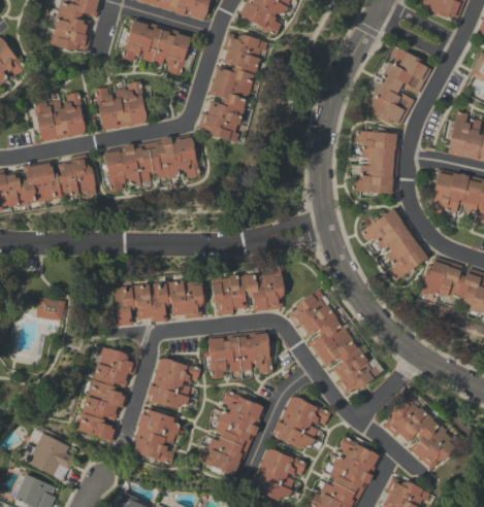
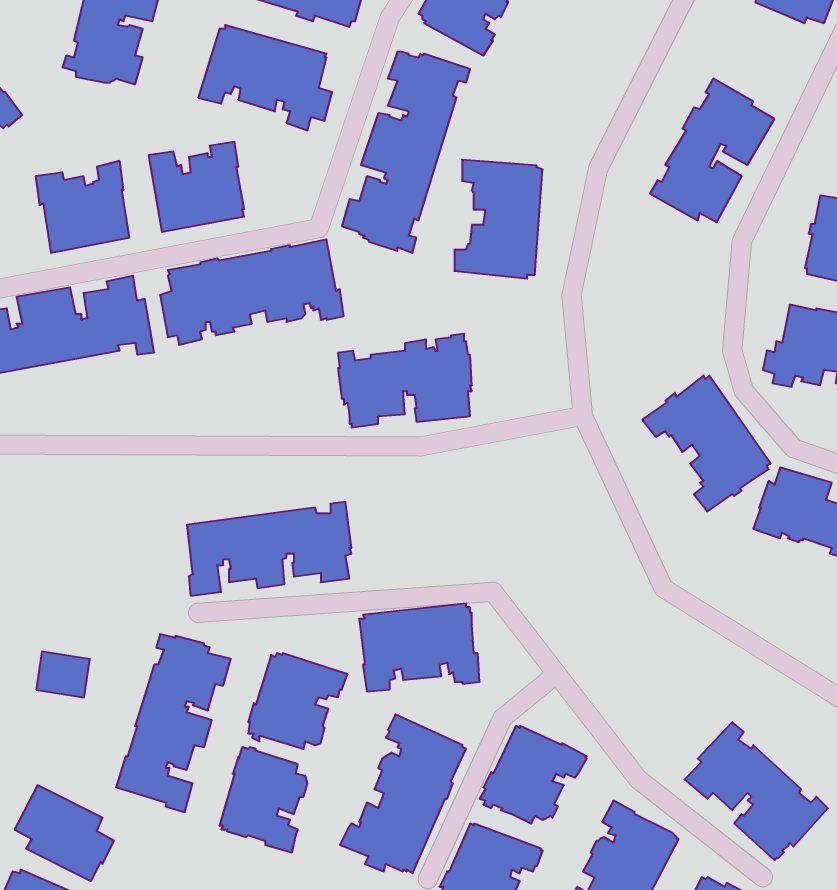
building: [352,131,399,195] -> [454,160,543,279]
building: [212,265,284,315] -> [338,334,472,428]
building: [288,290,384,396] -> none
building: [36,297,65,322] -> [36,651,90,697]

